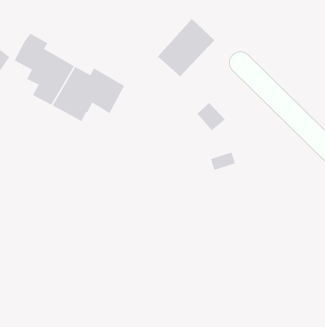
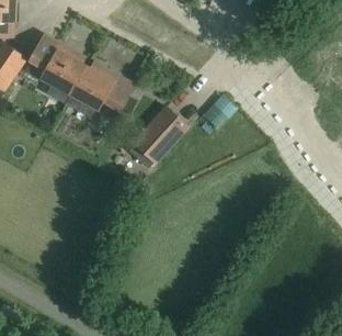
building: [157,18,215,77] -> [133,105,187,161]

